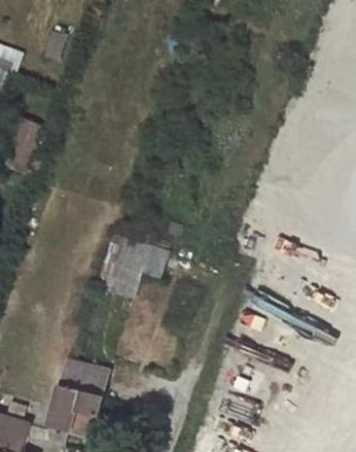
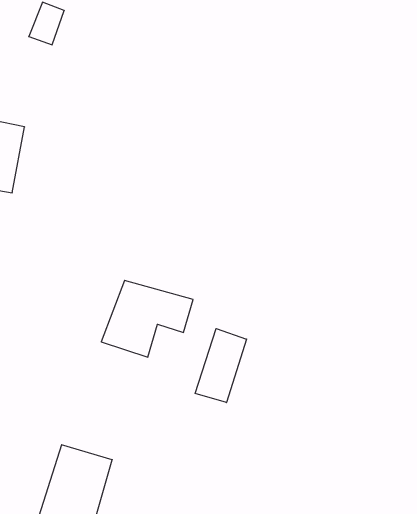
building: none -> [195,329,247,403]

